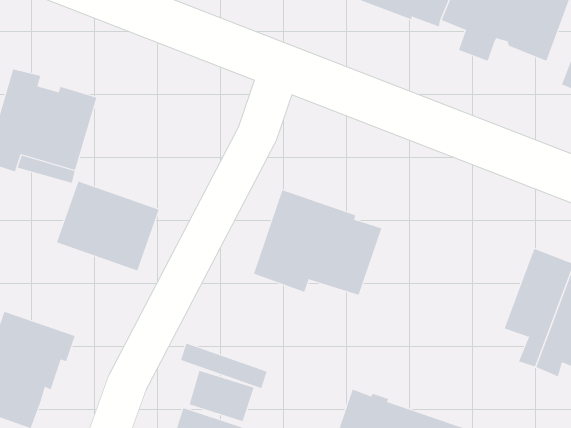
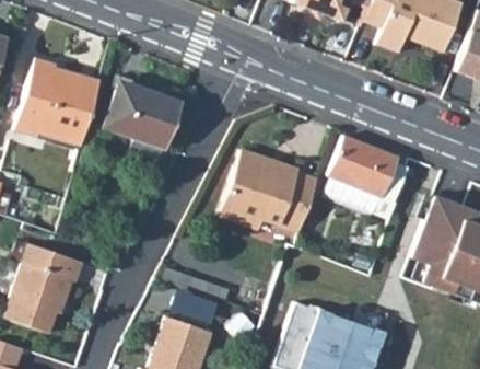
building: none -> [326,135,408,218]
building: [56,181,159,271] -> [103,79,182,148]

